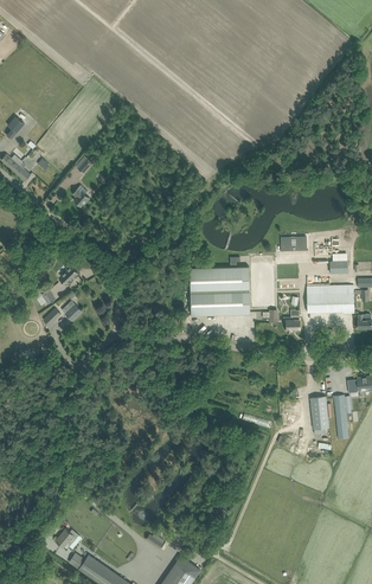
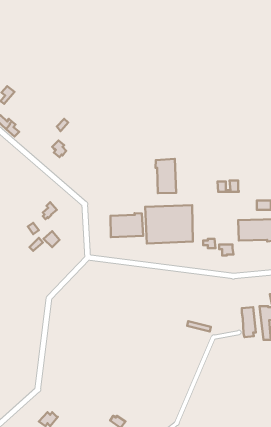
building: none -> [155,159,176,193]
building: none -> [110,213,143,237]

